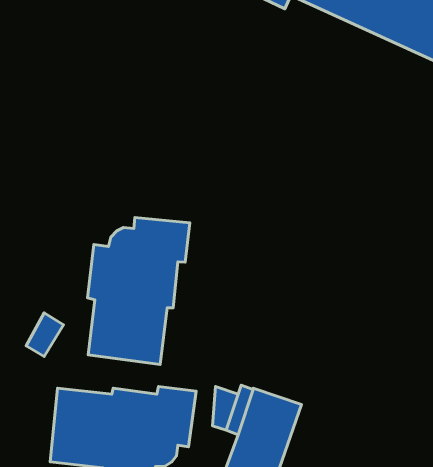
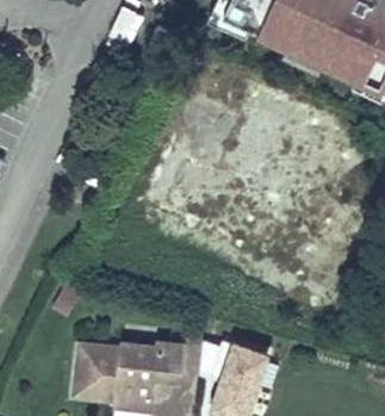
building: [88,217,190,364] -> none

